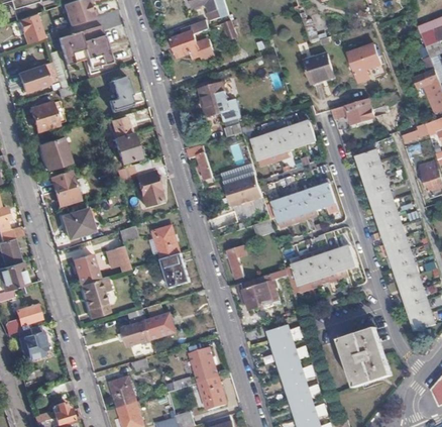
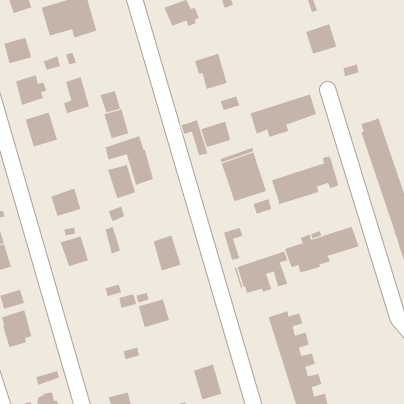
building: [347,44,379,83] -> none
building: [107,76,132,111] -> [63,77,90,114]
building: [331,98,373,124] -> none
building: none -> [200,121,231,148]
building: [49,171,78,204] -> none
building: [150,227,178,259] -> [107,165,136,199]
building: [80,276,110,318] -> none
building: [119,321,151,348] -> none
building: [328,325,391,390] -> none
building: [189,348,217,382] -> none
building: [110,377,136,407] -> none

